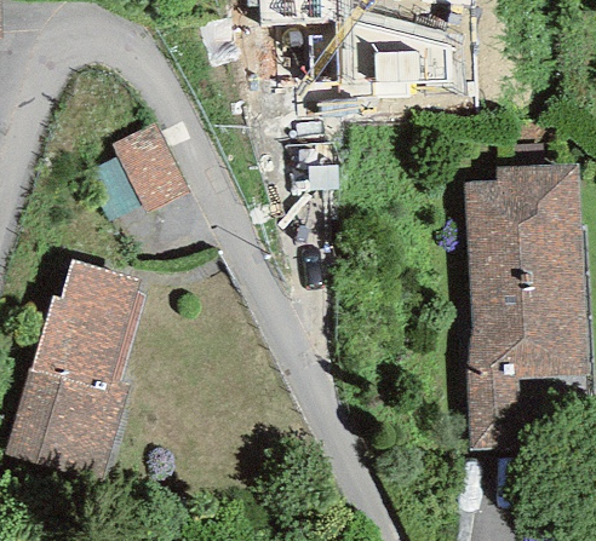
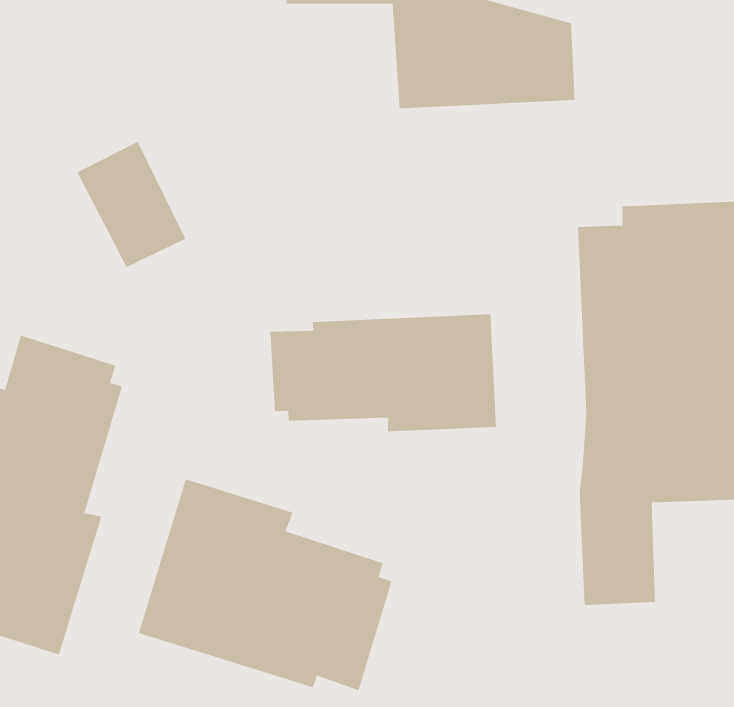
building: none -> [270,314,497,432]
building: none -> [138,478,392,691]

